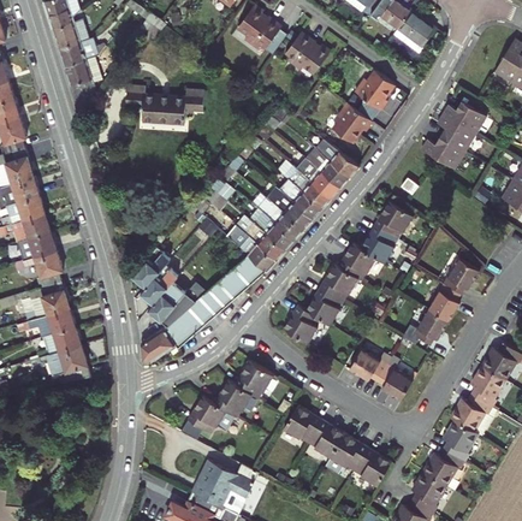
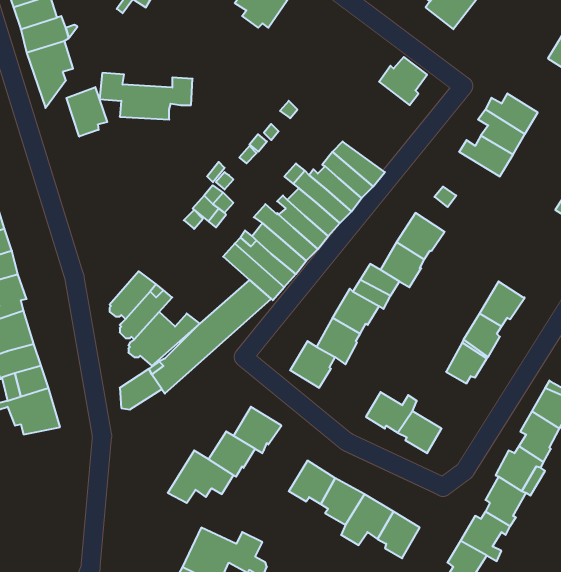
building: [283,31,327,72] -> none
building: none -> [66,87,107,137]
building: [332,103,372,144] -> none

